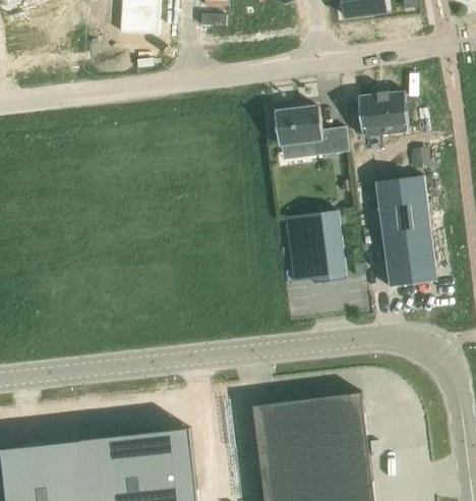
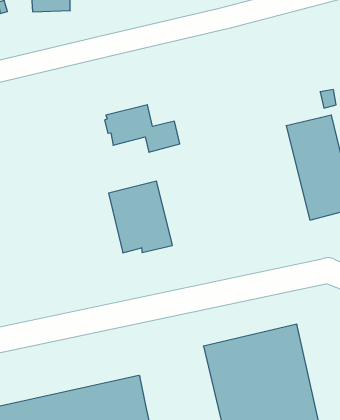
building: [357,92,408,137] -> none
building: [272,107,348,157] -> [105,105,180,152]
building: [285,211,346,284] -> [109,181,172,253]

